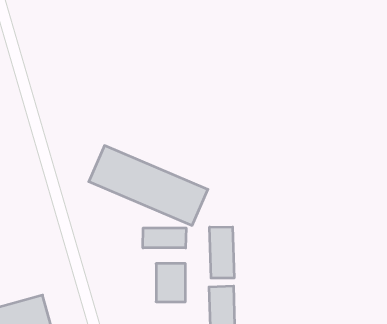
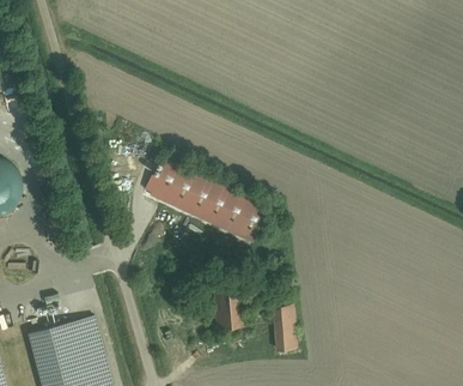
building: [210,227,234,278] -> none
building: [143,228,186,248] -> none

